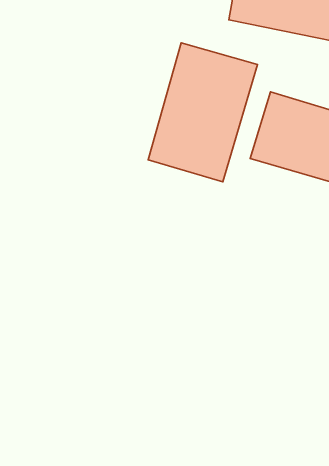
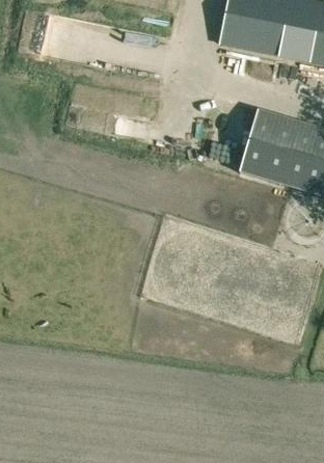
building: [148,43,257,182] -> none

